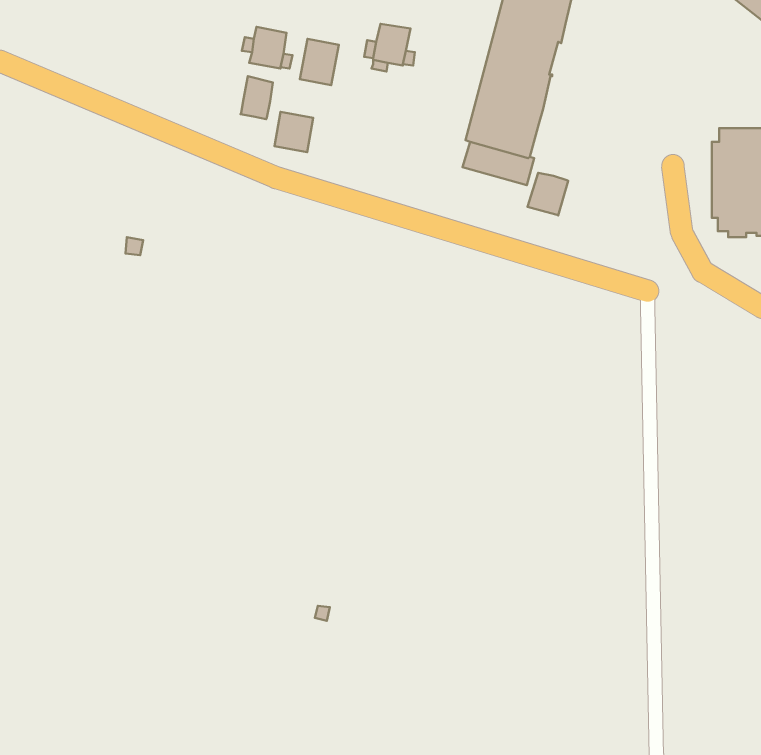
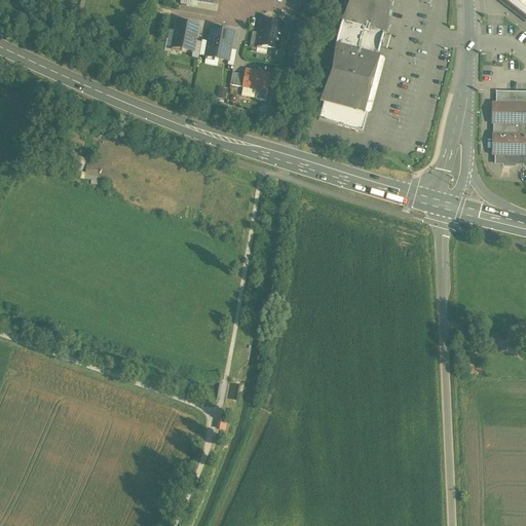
building: [241,76,273,119] -> none
building: [275,112,313,152] -> [243,68,270,96]
building: [528,173,568,215] -> none

